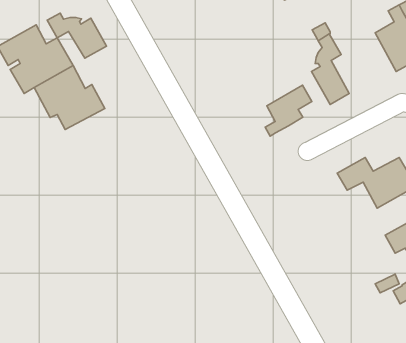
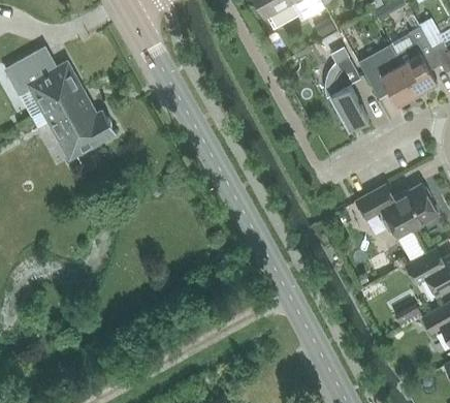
building: [47,13,107,58] -> none
building: none -> [365,56,418,107]
building: [265,85,312,136] -> none

